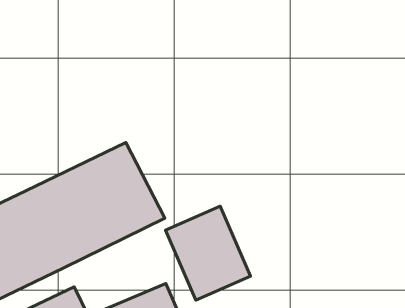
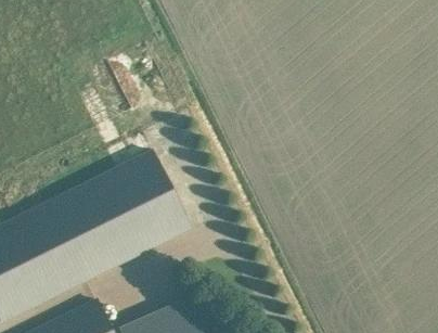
building: [166,206,250,300] -> none

